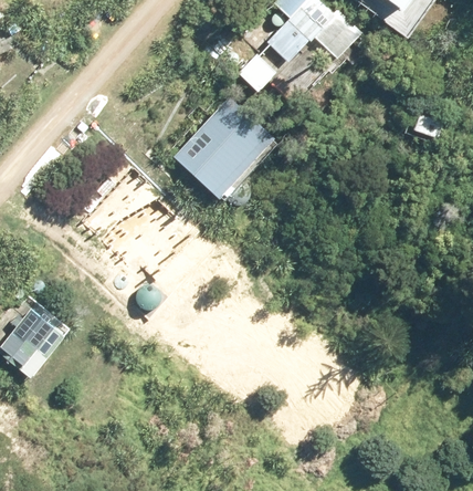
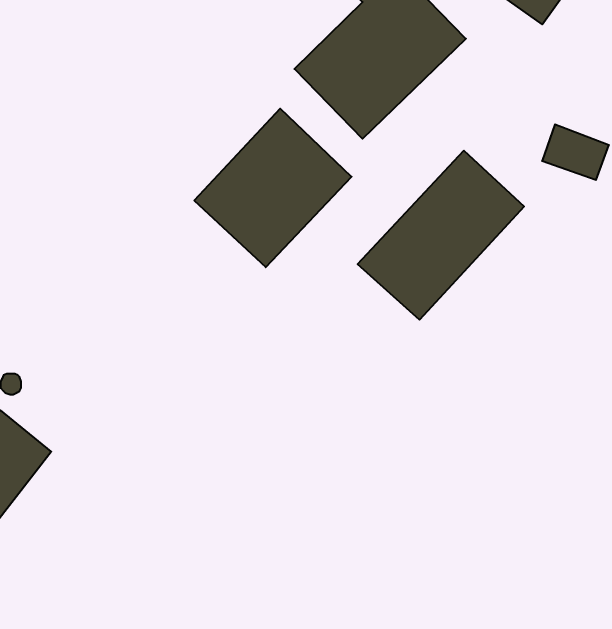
building: none -> [358,151,524,320]

